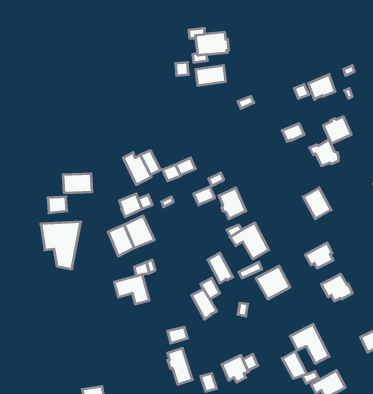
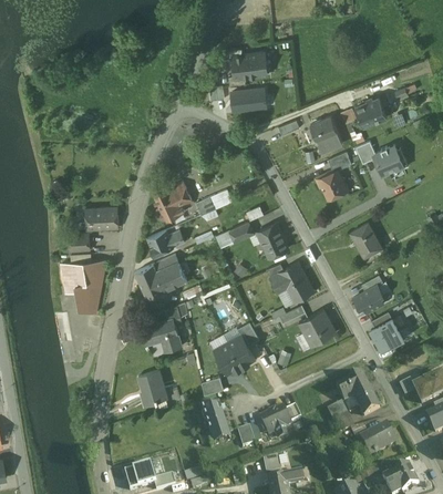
building: none -> [310,117,341,153]
building: [309,140,339,166] -> [315,171,347,199]
building: [208,253,233,283] -> [214,342,241,375]
building: none -> [137,370,167,404]

